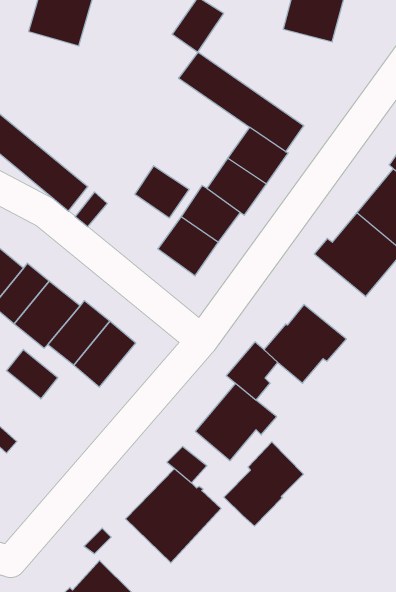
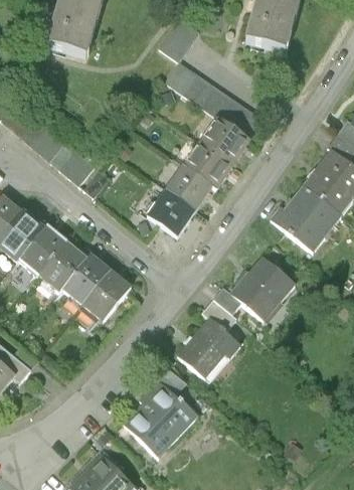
building: [135,166,189,218] -> none
building: [7,349,58,399] -> none
building: [224,442,304,526] -> none

